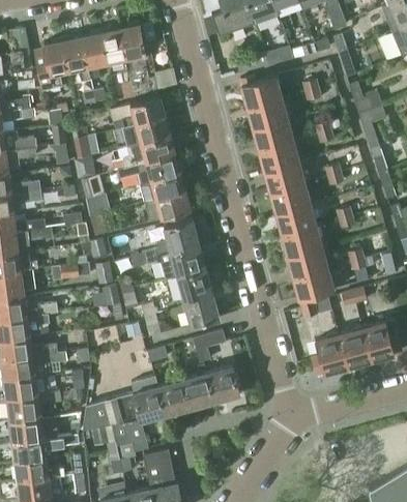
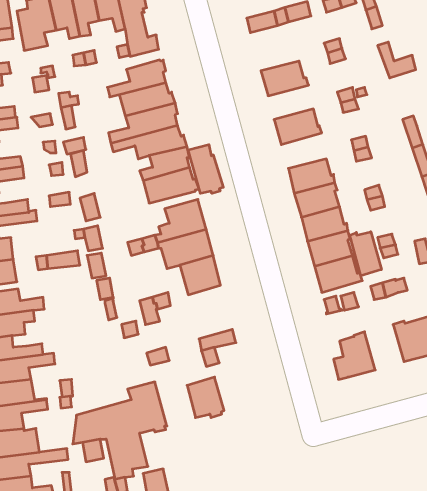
building: [241,76,280,107] -> none
building: [358,106,385,149] -> none
building: [253,119,292,149] -> none
building: [264,160,303,191] -> none
building: none -> [188,145,223,193]
building: none -> [350,232,381,276]
building: [183,293,219,326] -> none
building: [337,327,371,366] -> none
building: [206,366,239,402] -> none
building: [157,380,190,415] -> none

